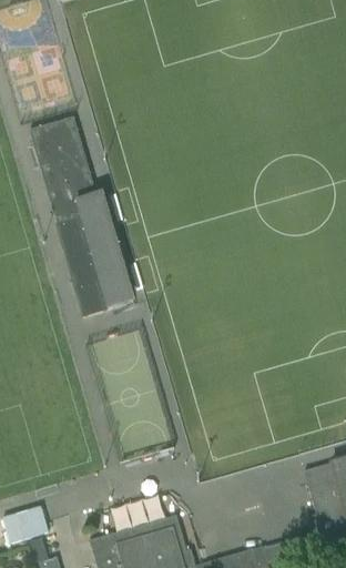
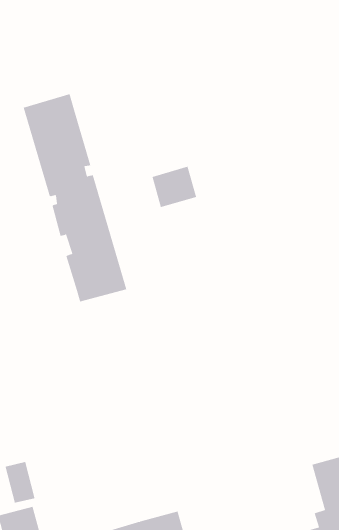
building: none -> [152,166,197,208]
building: none -> [5,461,35,504]

